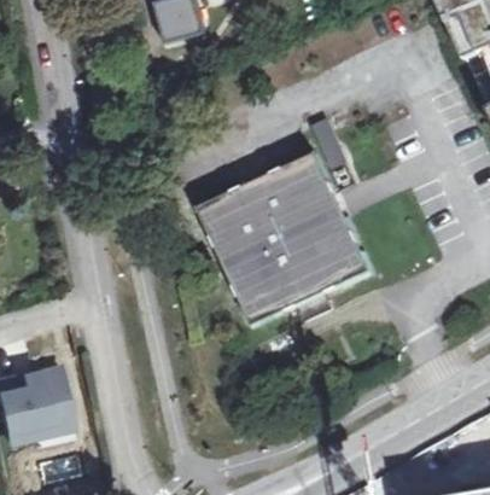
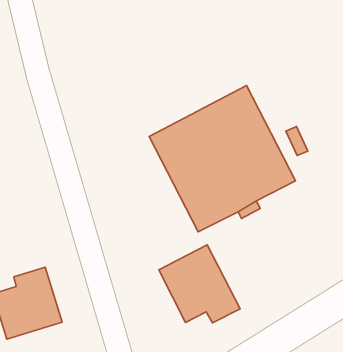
building: none -> [159,245,240,323]

